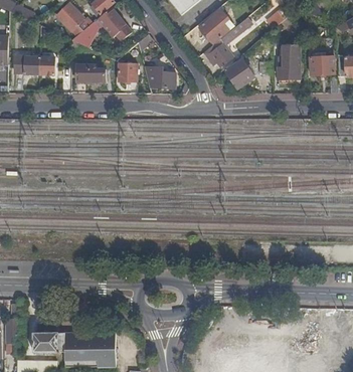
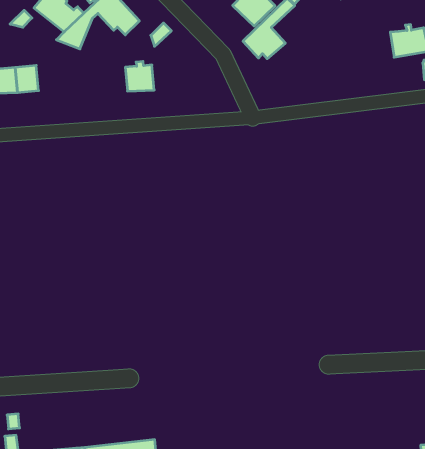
building: [278,44,300,78] -> none
building: [225,58,254,87] -> none
building: [76,64,106,81] -> none
building: [144,66,177,88] -> none

